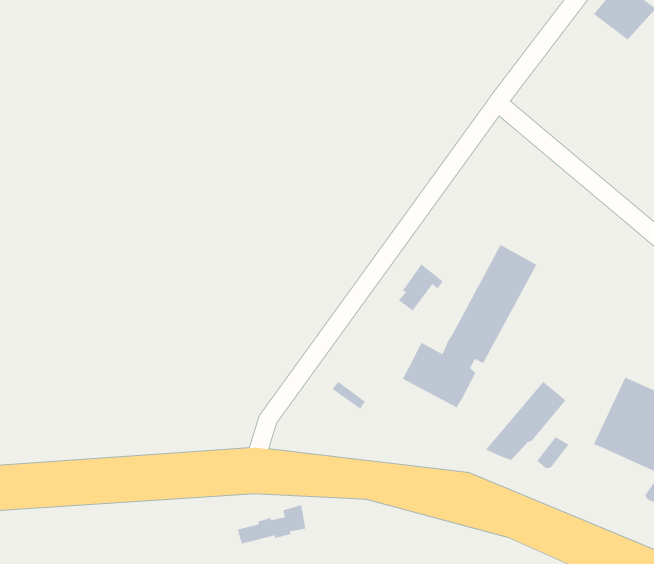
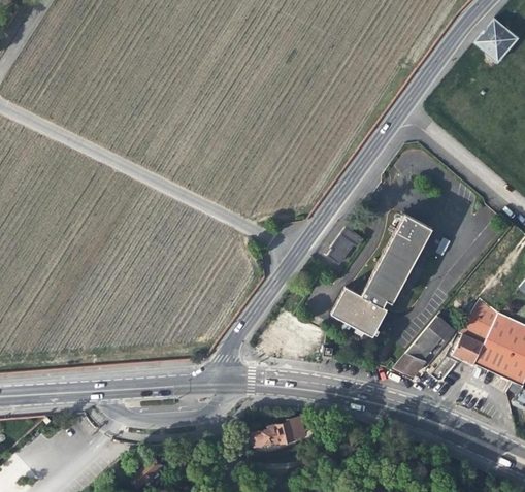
building: none -> [452,298,497,366]
building: [237,504,306,544] -> [253,418,304,448]

